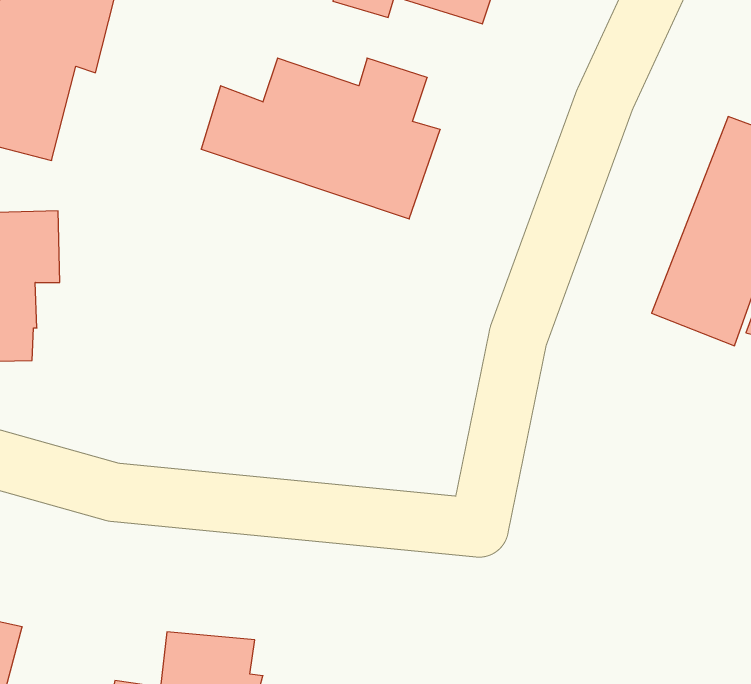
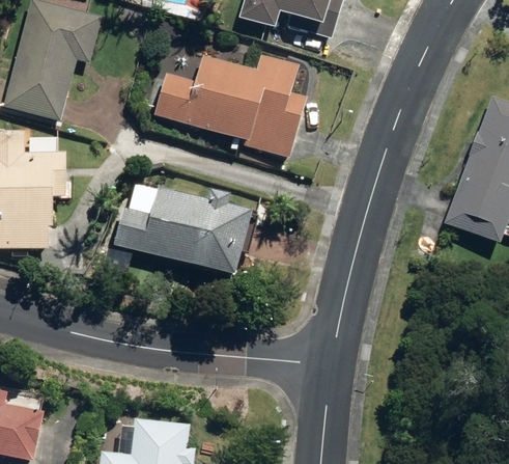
building: none -> [115,187,253,280]

